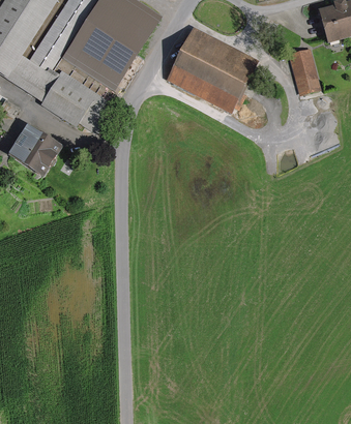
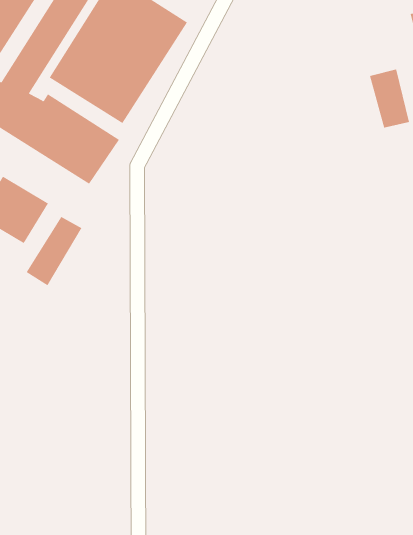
building: [169,29,256,109] -> none
building: none -> [26,216,82,286]

